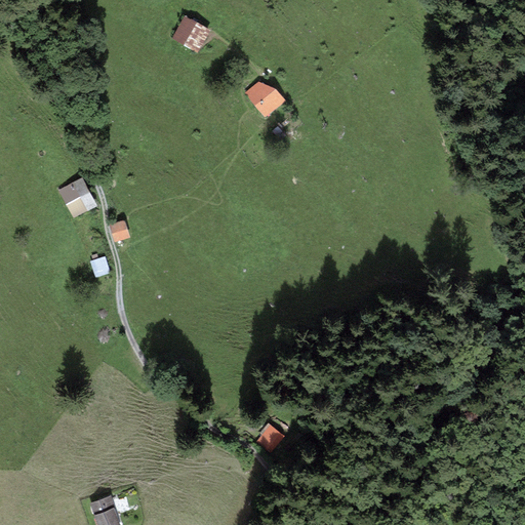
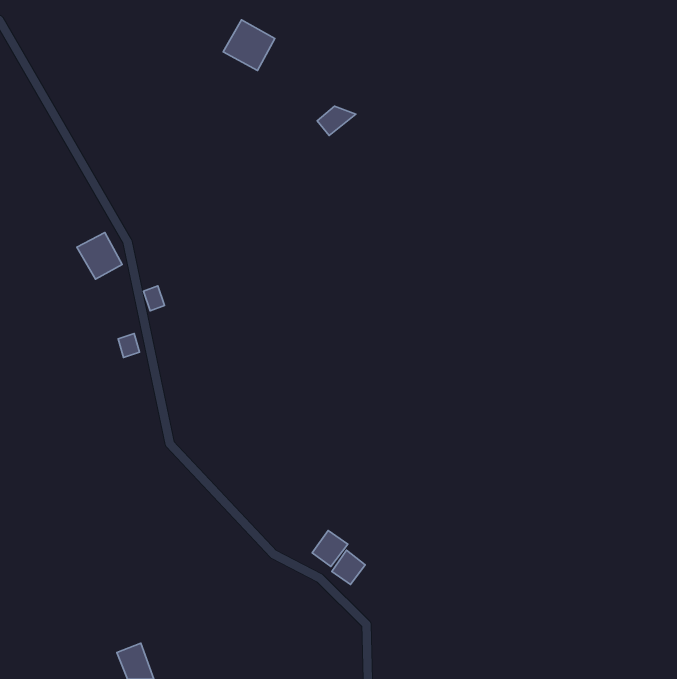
building: [254,88,285,118] -> none
building: none -> [312,531,348,567]

